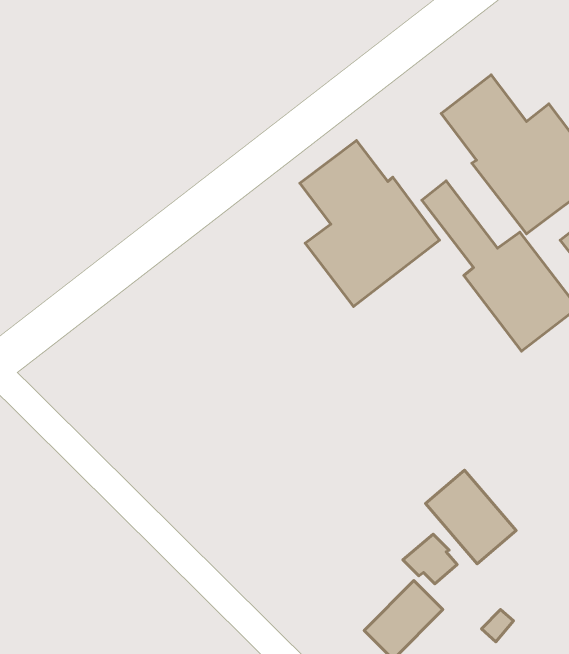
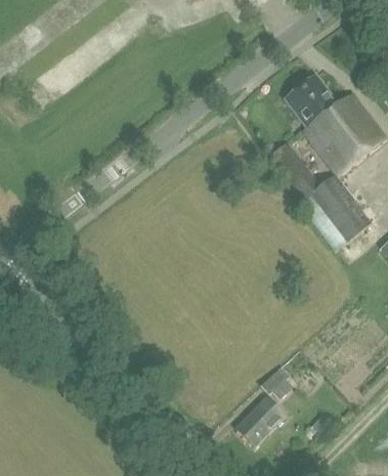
building: [300,141,440,306] -> none
building: [426,470,516,564] -> none

